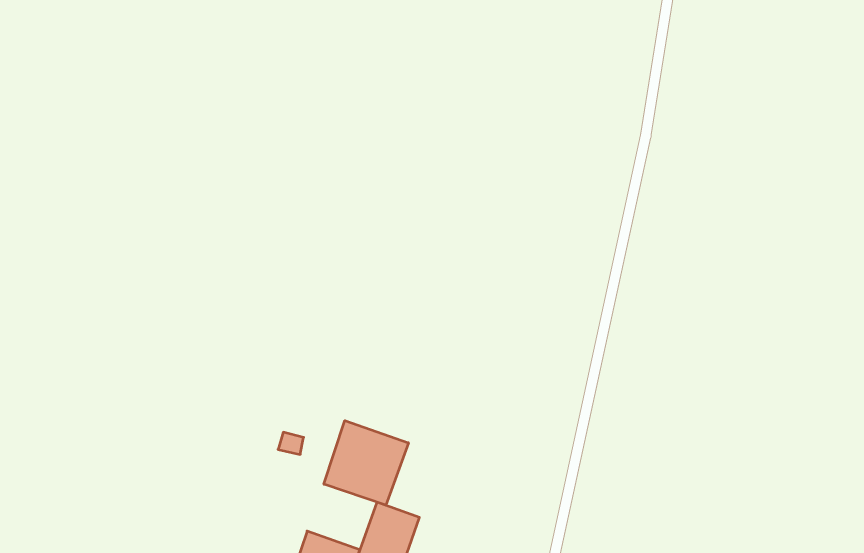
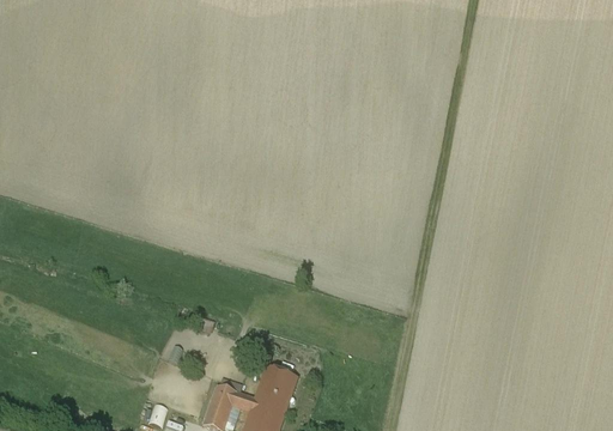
building: [324,421,408,505] -> none

